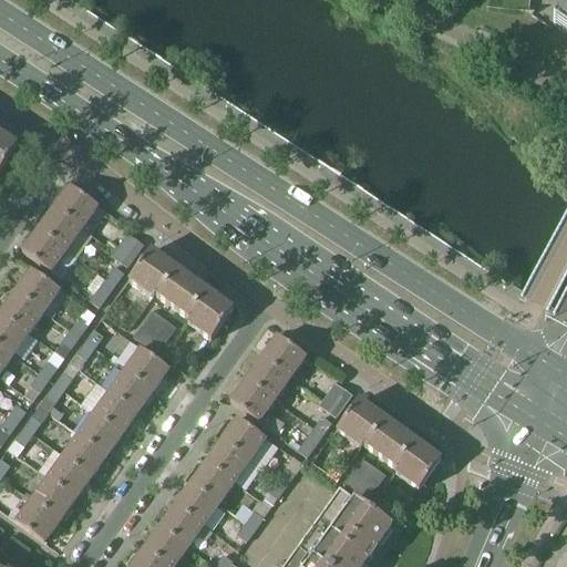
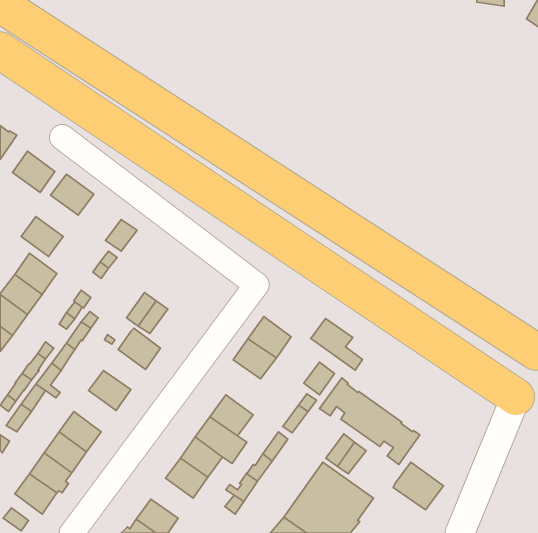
building: [39,205,83,248] -> [13,151,55,192]
building: [130,247,234,338] -> none
building: [110,367,154,409] -> none
building: [230,378,285,432] -> [311,319,362,370]
building: [79,410,123,453] -> none
building: none -> [393,462,444,510]
building: [159,502,204,544] -> none

